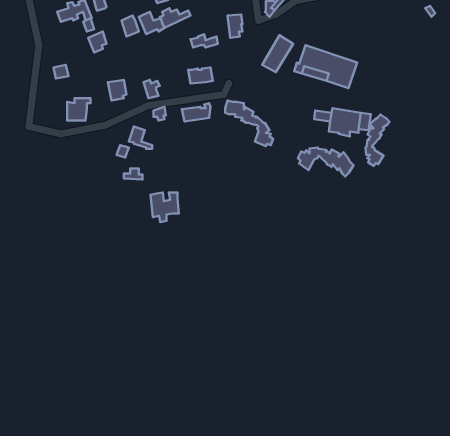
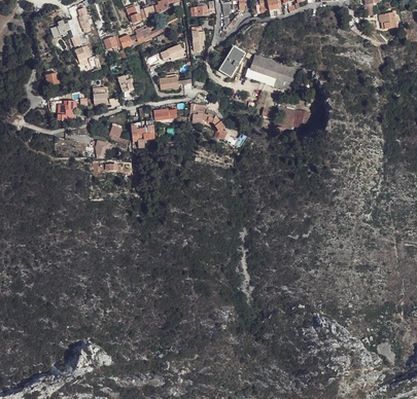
building: [366,115,389,166] -> none
building: [298,148,353,176] -> none
building: [150,192,179,222] -> [131,120,154,145]

